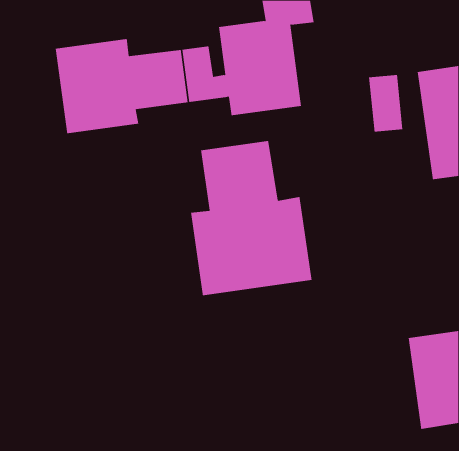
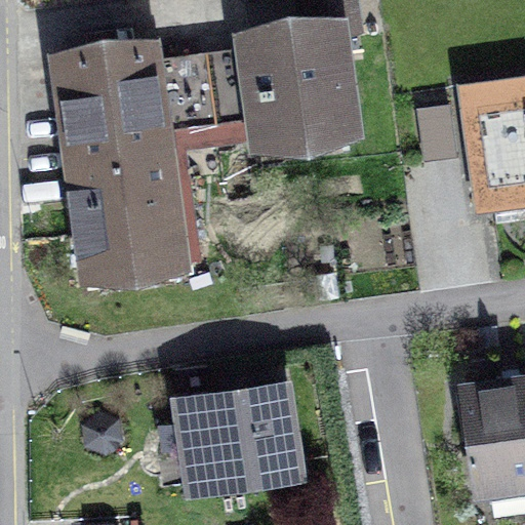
building: none -> [76,151,176,289]
building: [190,140,312,296] -> none
building: none -> [176,396,295,494]

